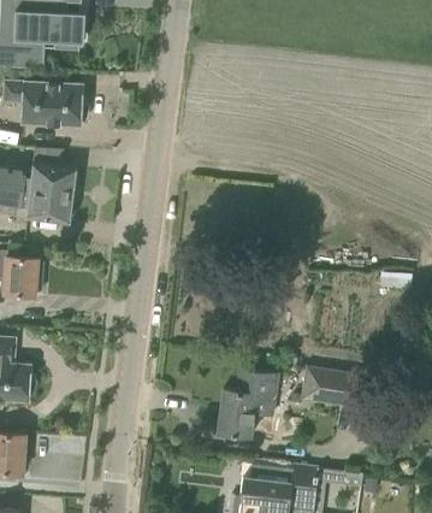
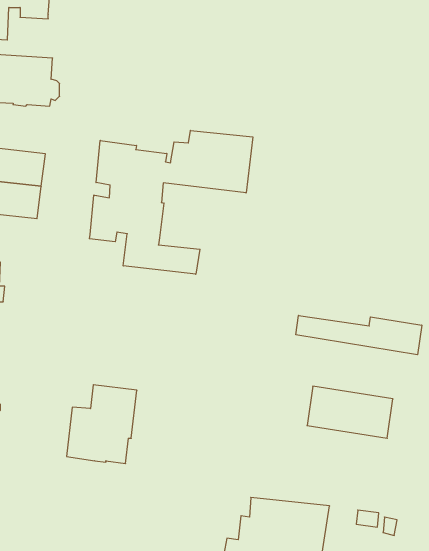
building: none -> [89,130,253,274]
building: none -> [296,315,422,355]
building: [218,370,278,437] -> [67,385,137,464]

